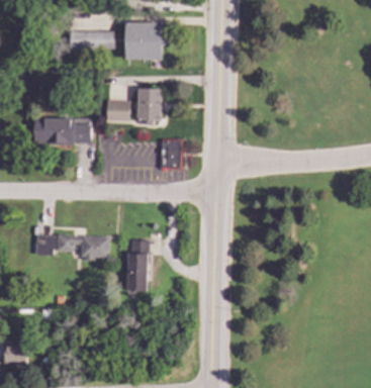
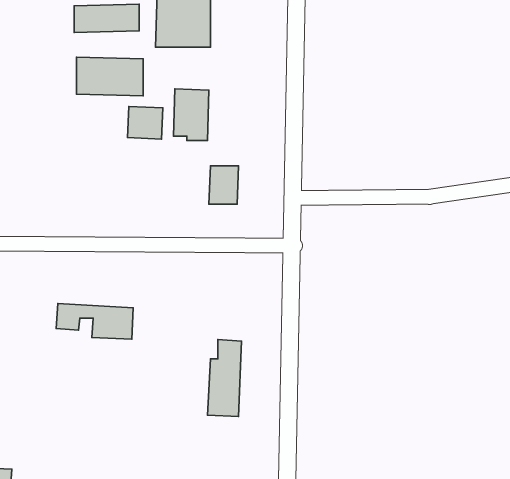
building: [44,117,90,143] -> [76,57,143,96]
building: [35,233,55,255] -> none
building: [124,238,148,291] -> [208,340,242,417]

